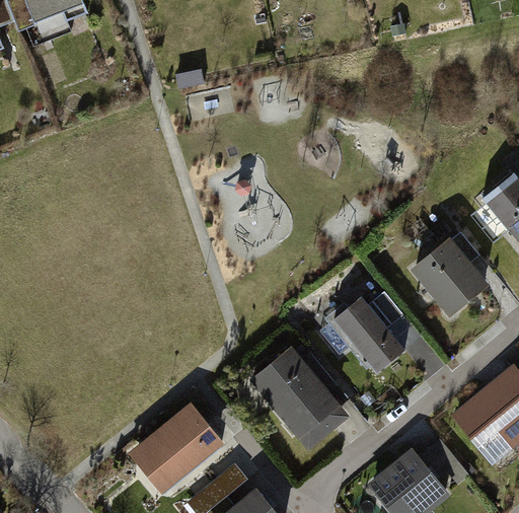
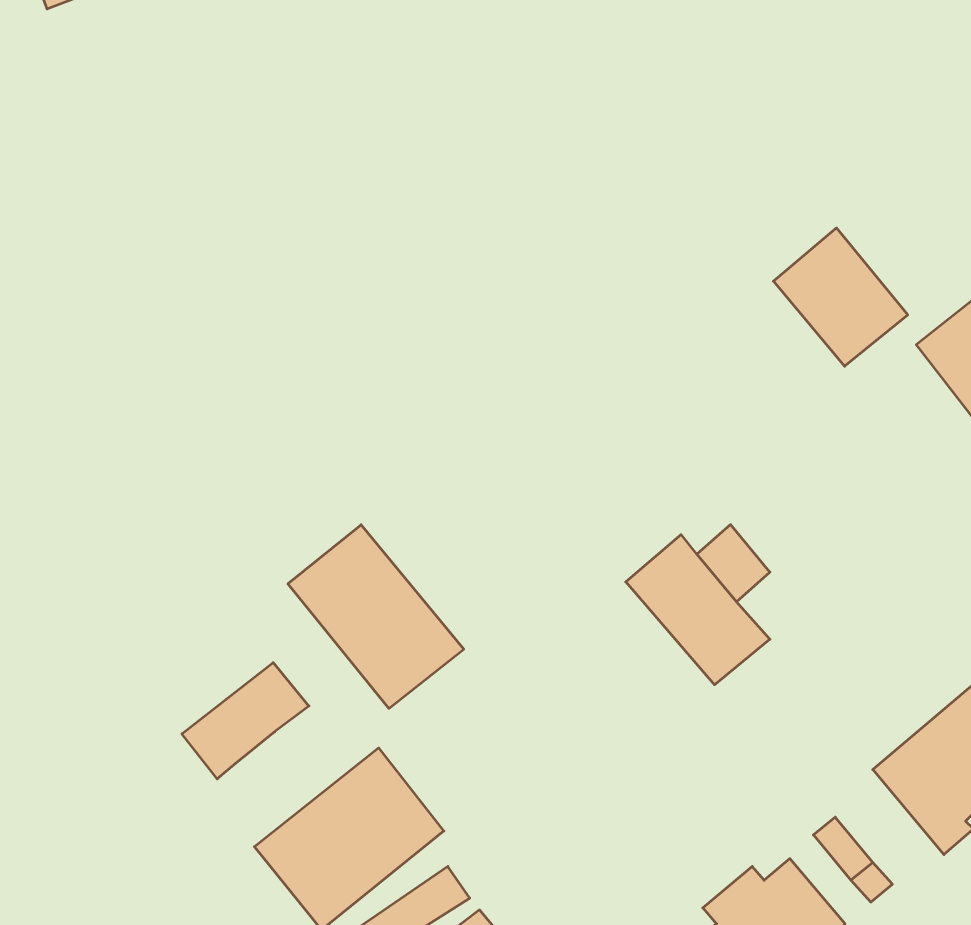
building: [412,240,480,311] -> [773,228,908,366]
building: [253,348,344,442] -> [288,525,464,708]
building: none -> [182,663,309,779]

